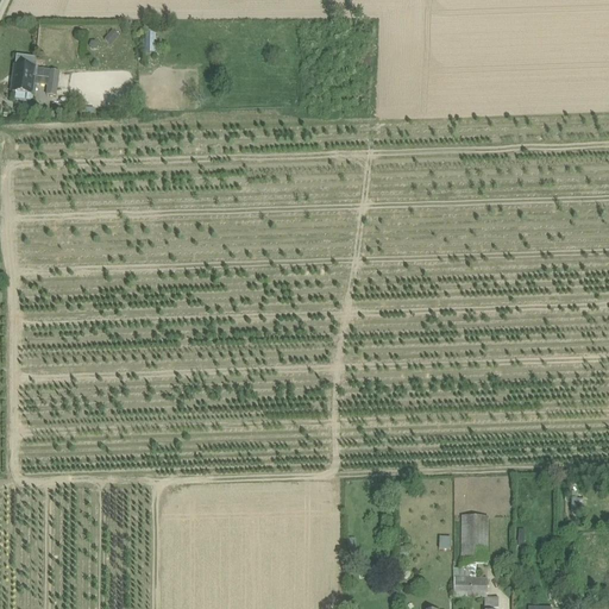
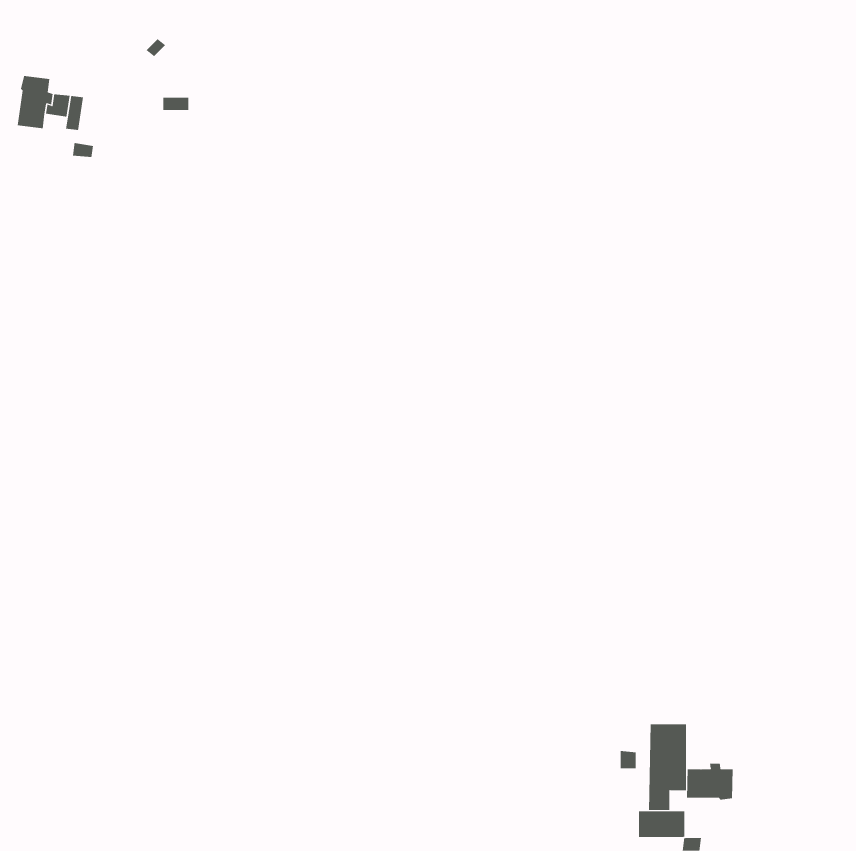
building: none -> [687,763,733,801]

